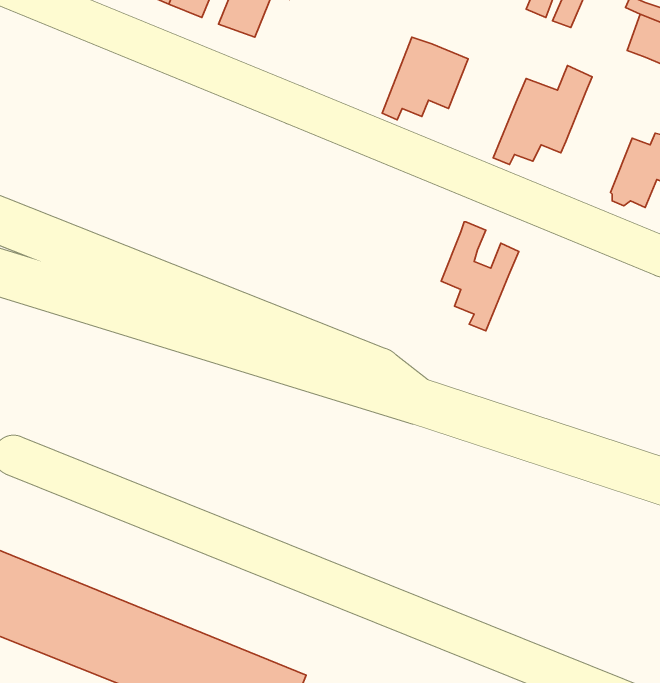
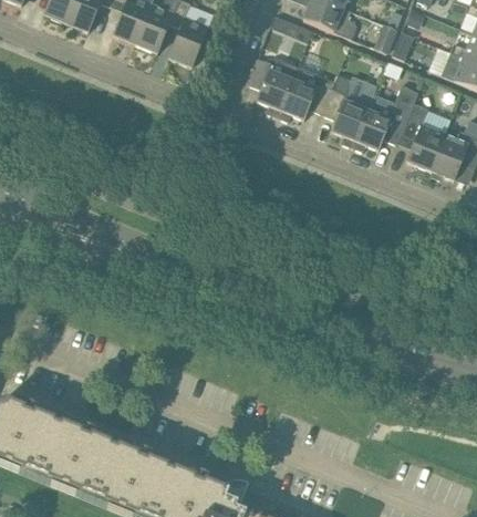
building: none -> [247,55,298,116]
building: none -> [401,102,445,169]
building: [441,222,519,331] -> [322,73,374,146]

